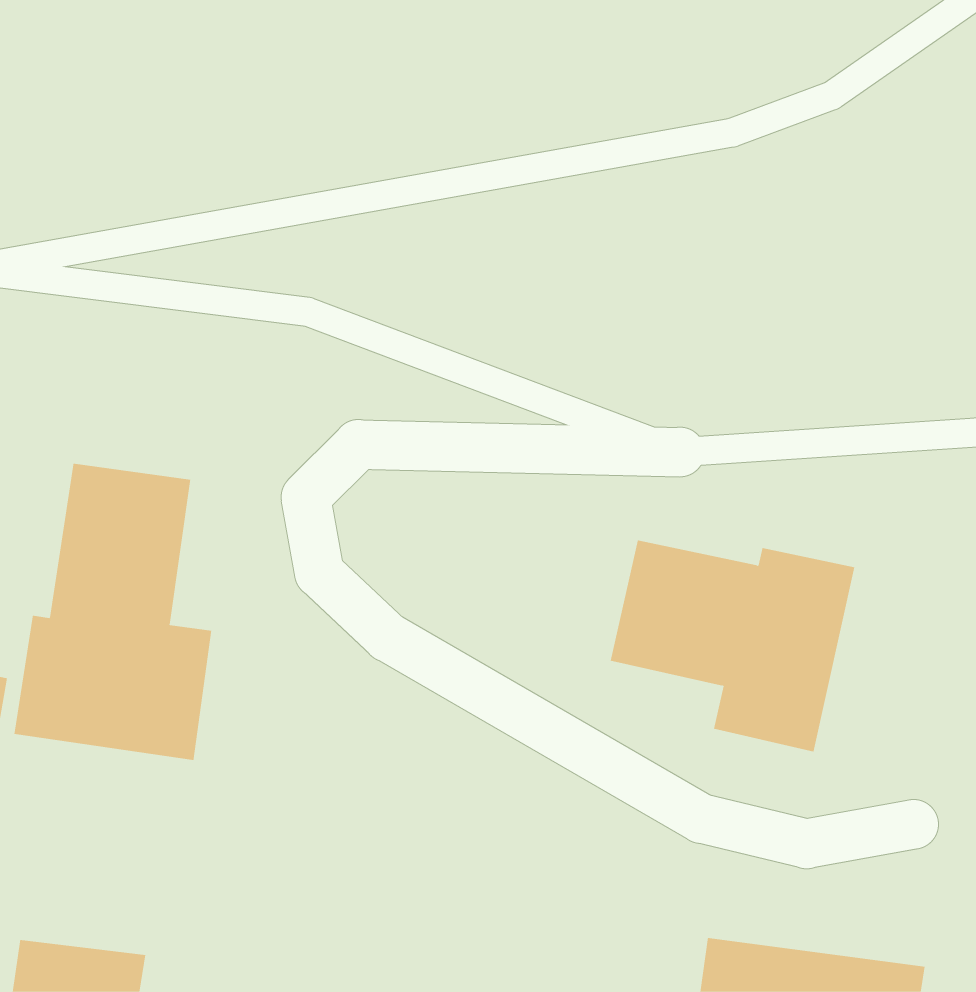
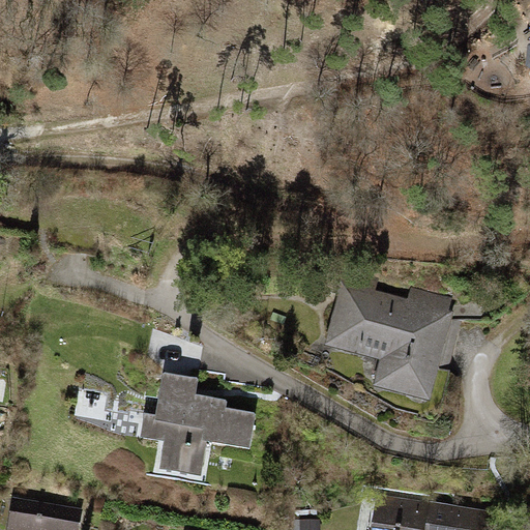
building: [14,463,212,761] -> none
building: none -> [151,377,255,476]

